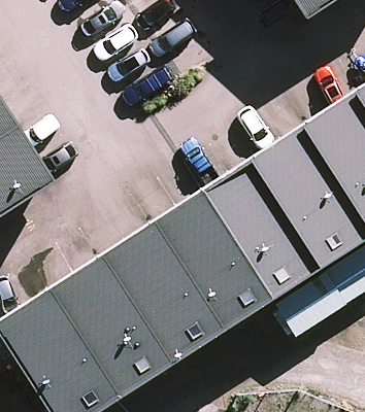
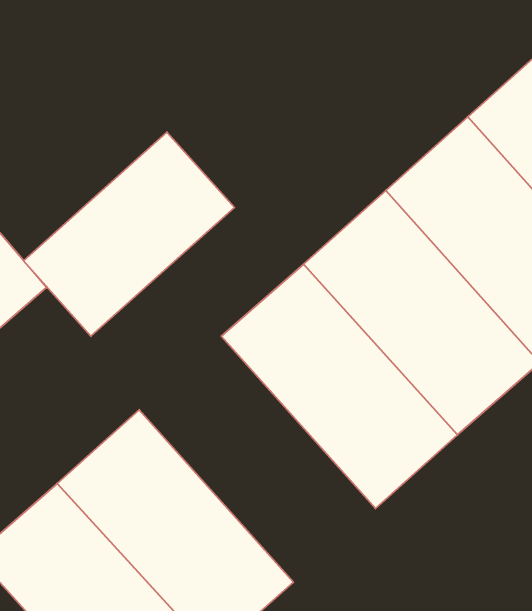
building: none -> [24,132,234,336]
building: [99,224,222,366] -> none

